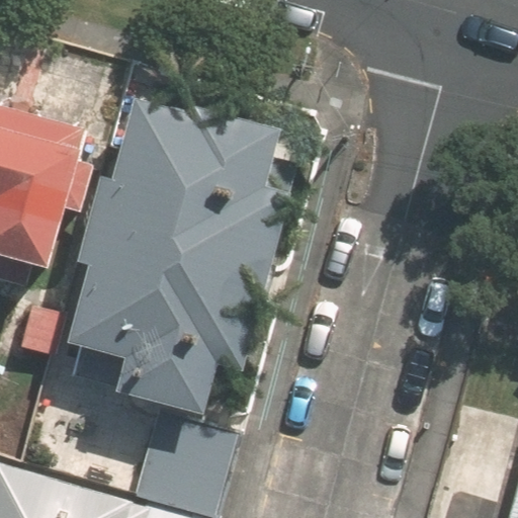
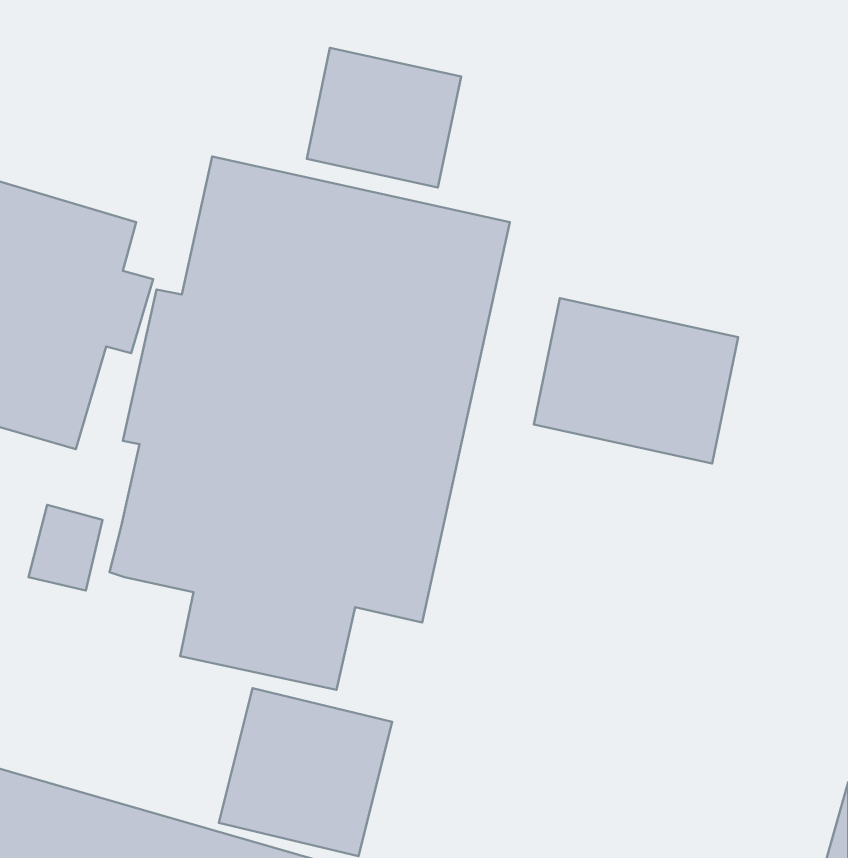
building: none -> [307,48,461,188]
building: none -> [534,298,738,464]

